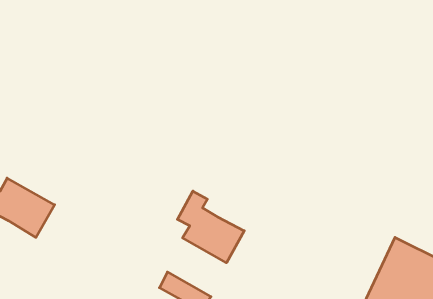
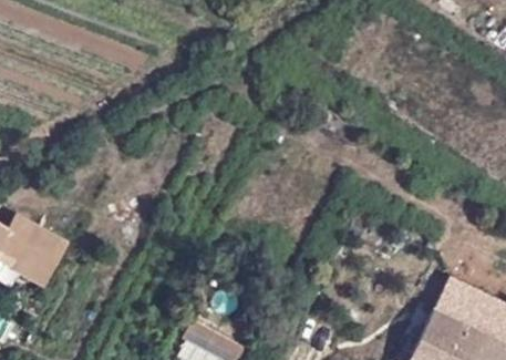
building: [177,191,244,263] -> none

